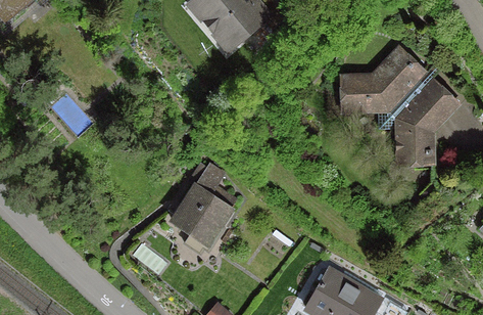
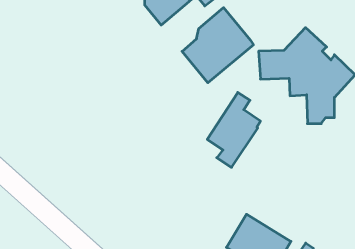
building: none -> [182,8,253,83]
building: [173,166,235,254] -> [207,92,260,167]

